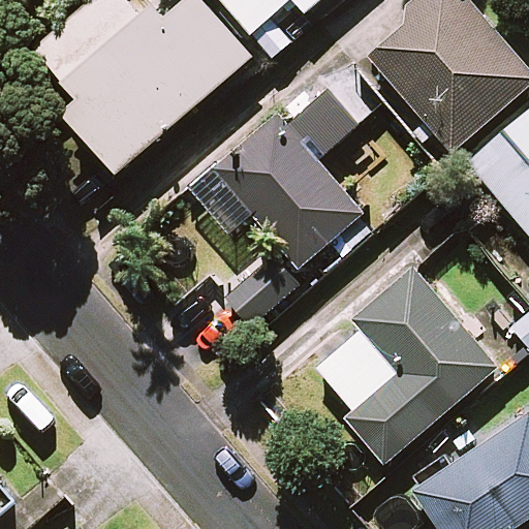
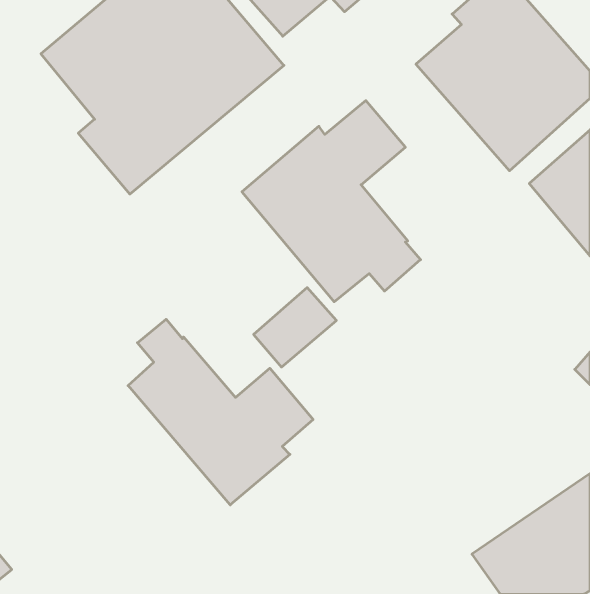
building: [317,269,496,462] -> none
building: none -> [128,319,313,505]

